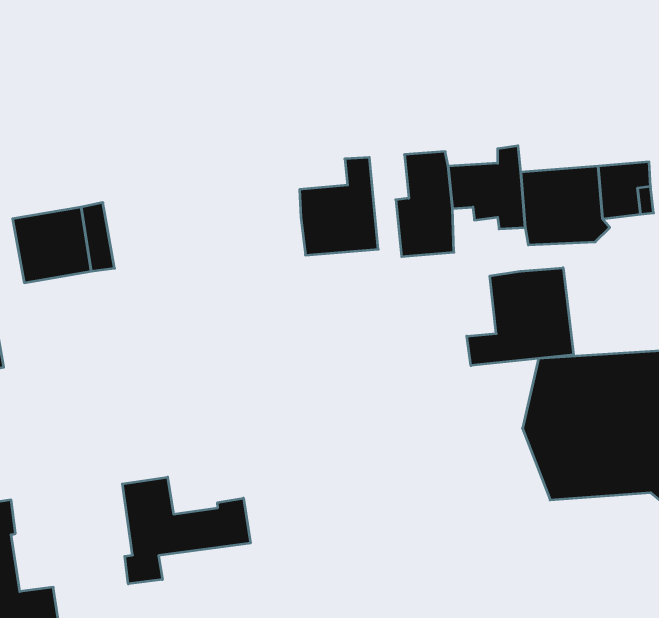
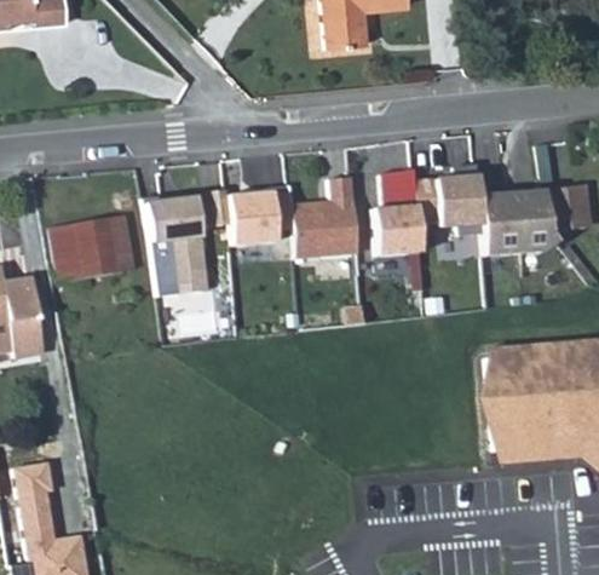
building: none -> [229,188,292,246]
building: none -> [143,192,211,293]
building: [467,268,573,366] -> none
building: [122,477,250,584] -> none

